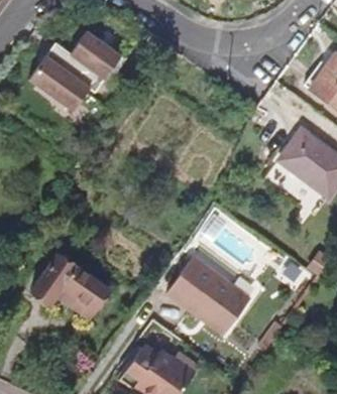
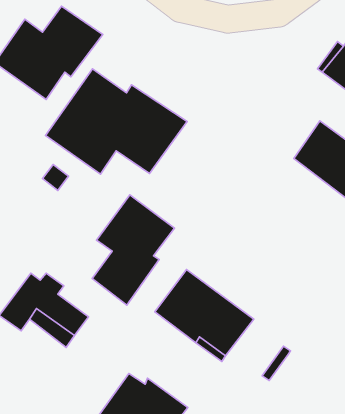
building: none -> [46,69,187,174]
building: none -> [92,195,174,305]

